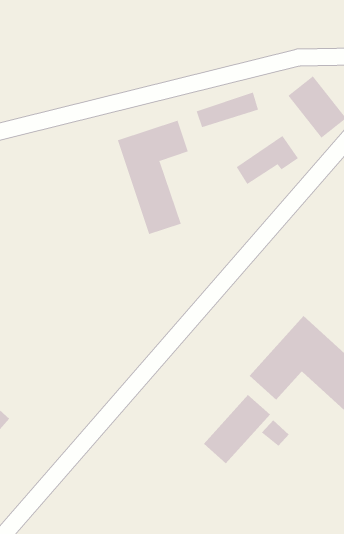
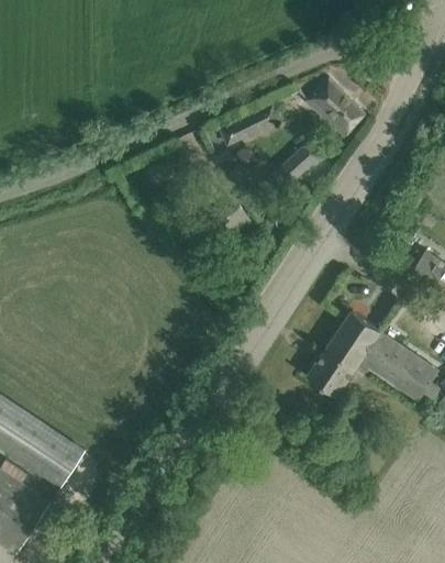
building: [117,120,188,235] -> none
building: [203,394,271,464] -> none

